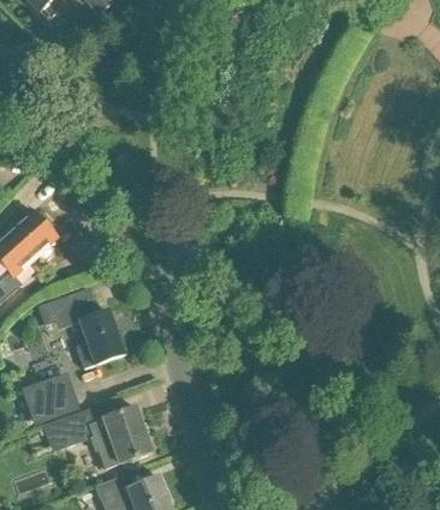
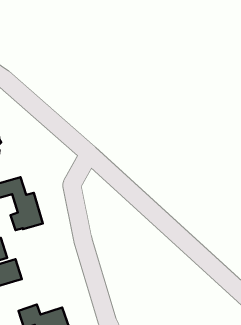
building: [87,403,151,468] -> none

